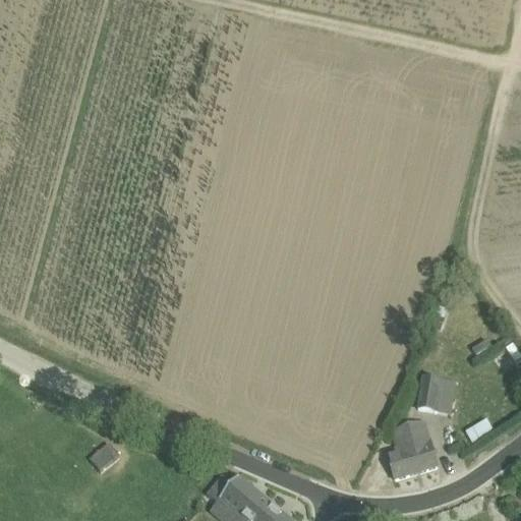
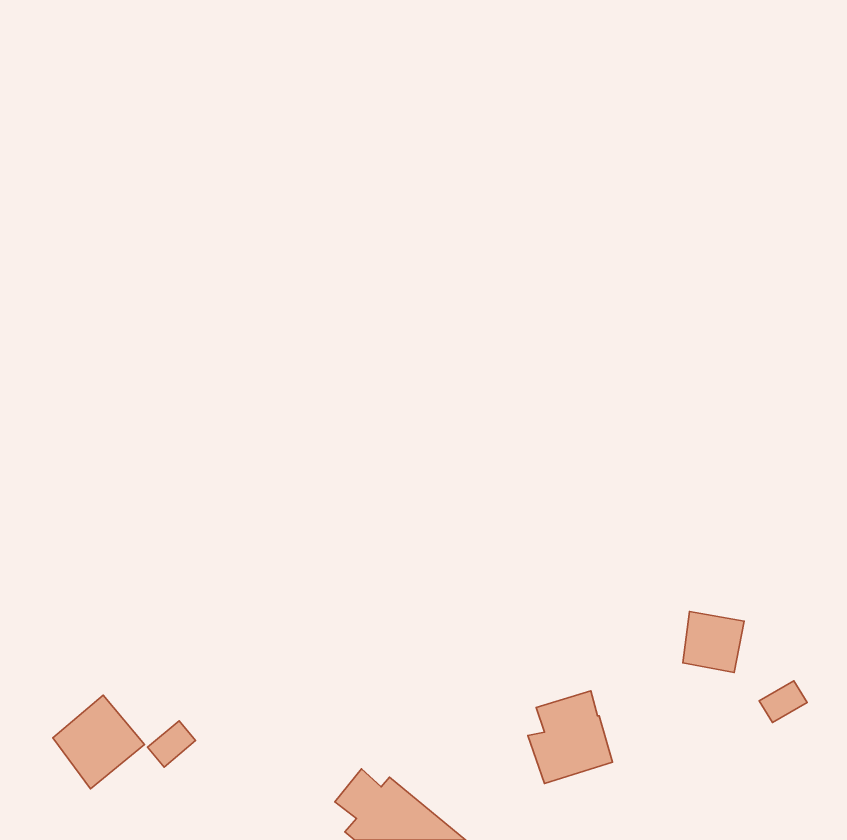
building: [386,421,438,478] -> [528,691,612,784]
building: none -> [53,695,145,789]

